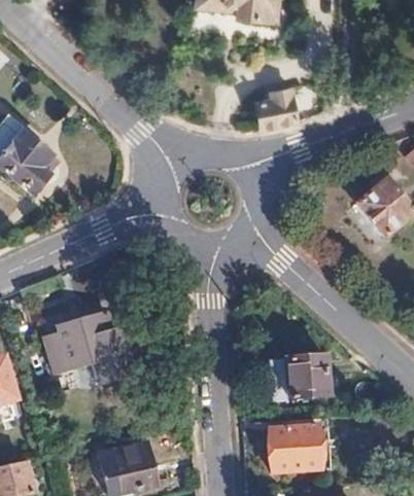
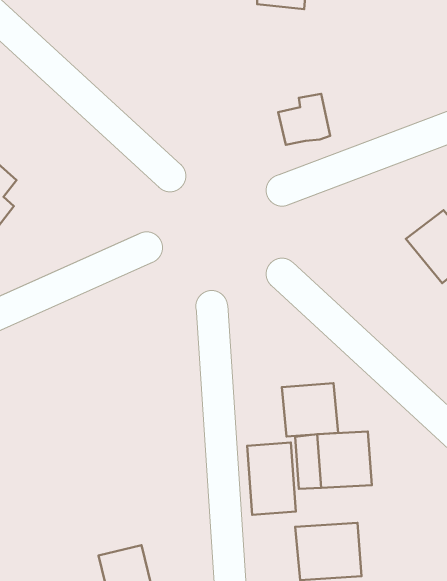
building: [46,310,141,379] -> none
building: none -> [282,383,338,436]
building: none -> [247,442,296,515]

